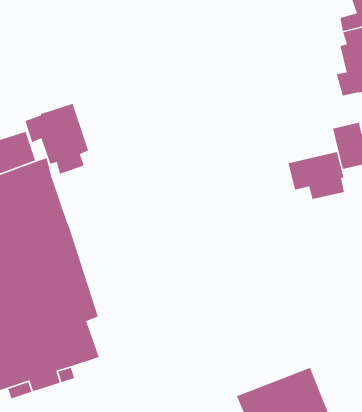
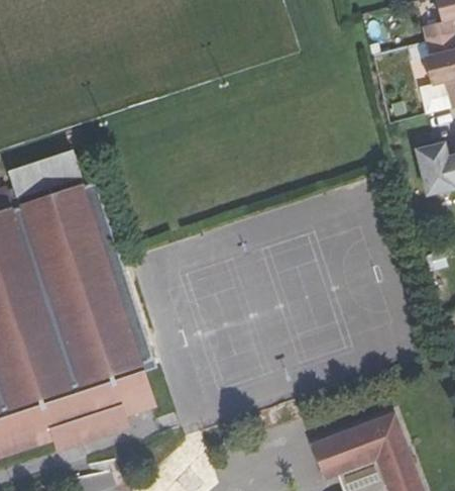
building: [24,103,89,175] -> none
building: [288,151,345,200] -> none

